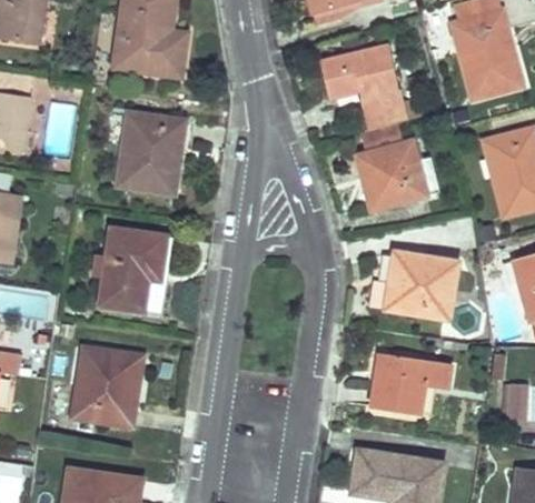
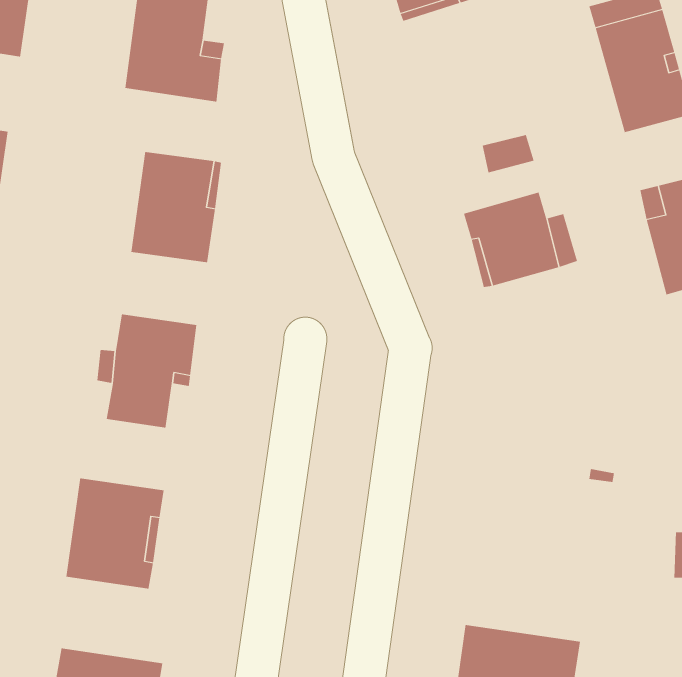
building: [321,47,397,98] -> none
building: [385,251,457,319] -> none
building: [370,353,450,414] -> none

